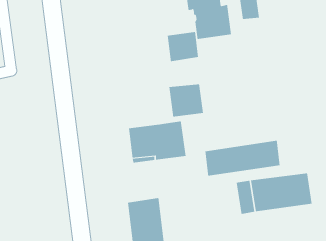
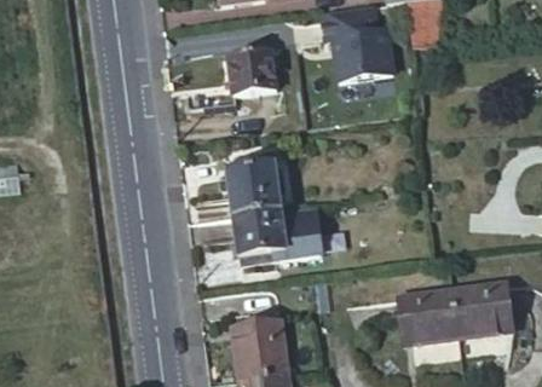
building: [167,32,199,62] -> [229,48,277,94]
building: [169,84,204,117] -> [229,164,282,215]
building: [205,140,280,177] -> none

